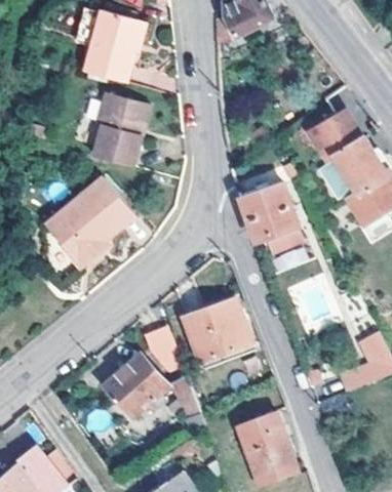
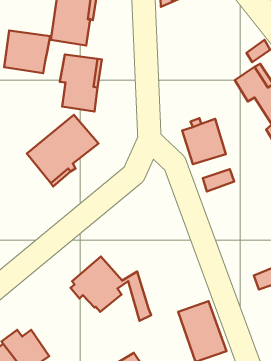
building: none -> [4,30,50,73]
building: [189,297,256,360] -> none
building: [144,322,183,373] -> none

